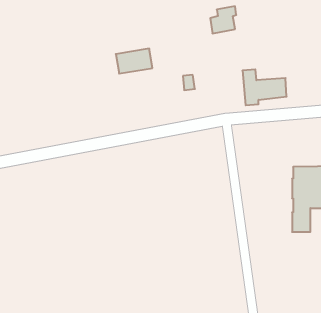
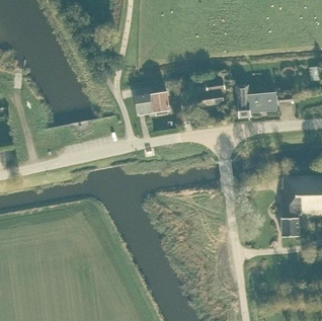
building: [210,6,236,33] -> [199,80,224,105]
building: [116,49,152,74] -> [135,91,169,114]

